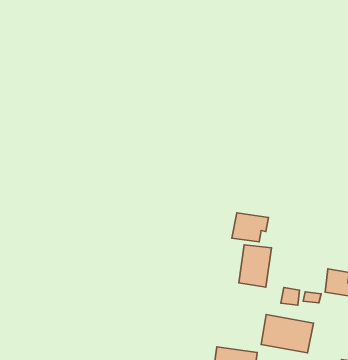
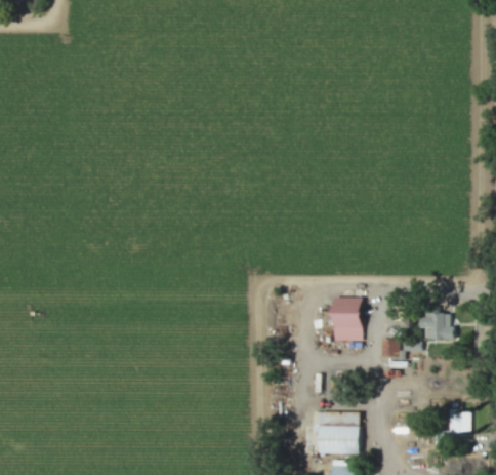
building: [232,213,268,242] -> none
building: [261,315,314,353] -> none

